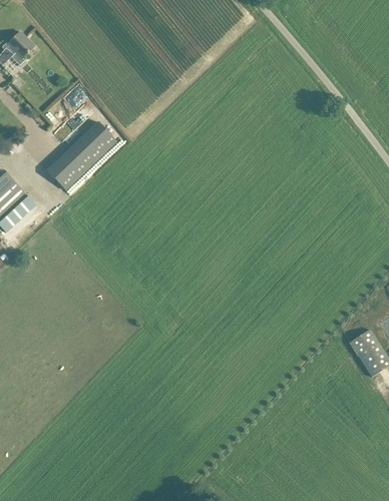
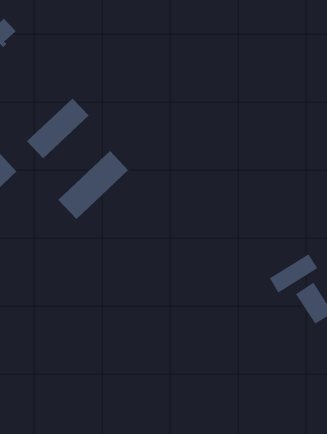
building: none -> [58,150,129,220]
building: none -> [269,254,318,293]

